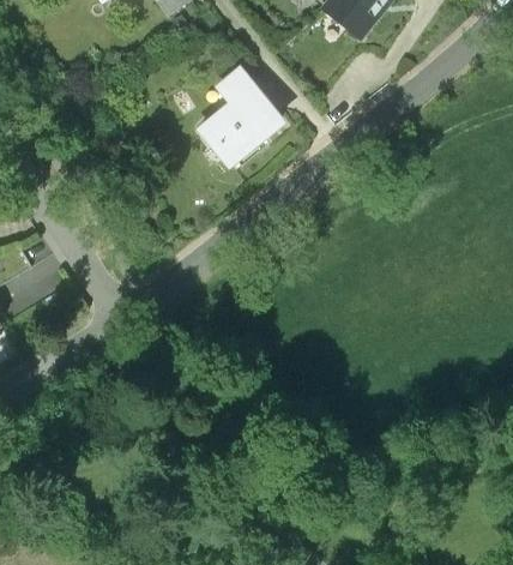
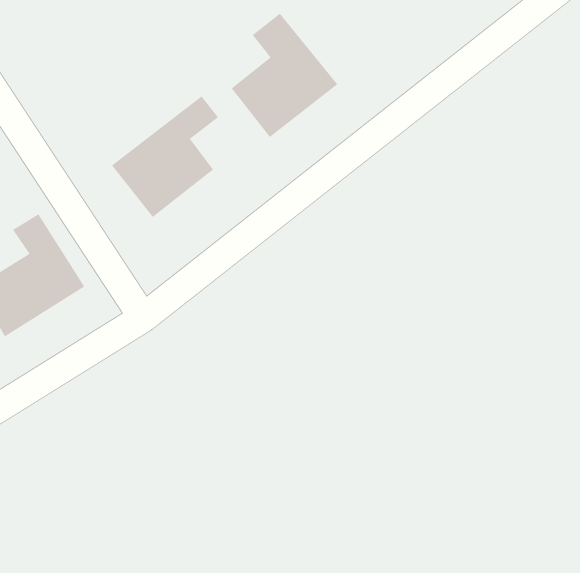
building: none -> [111,95,219,218]

